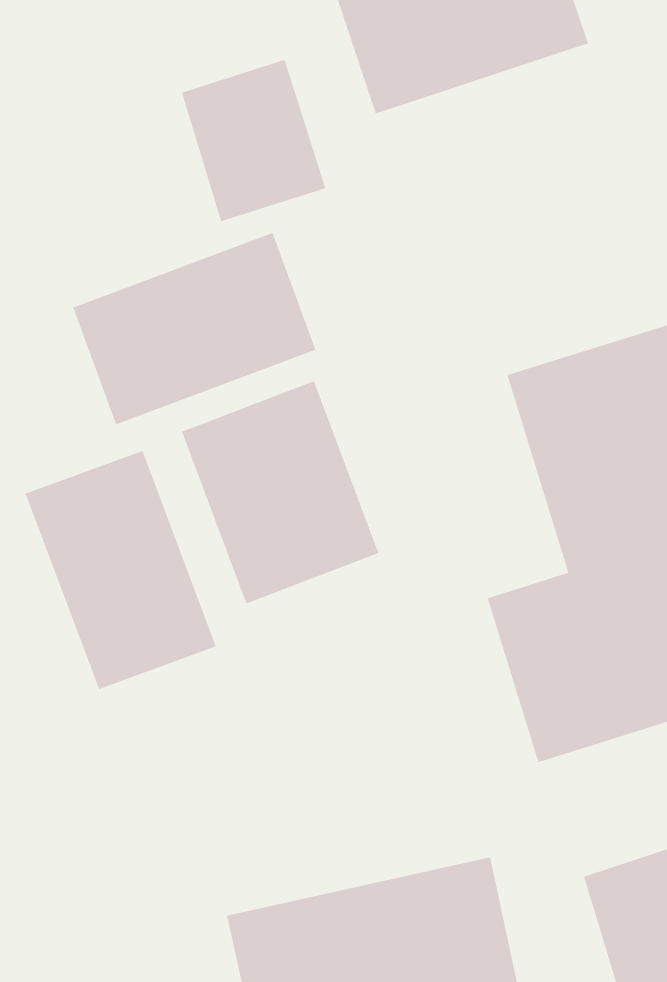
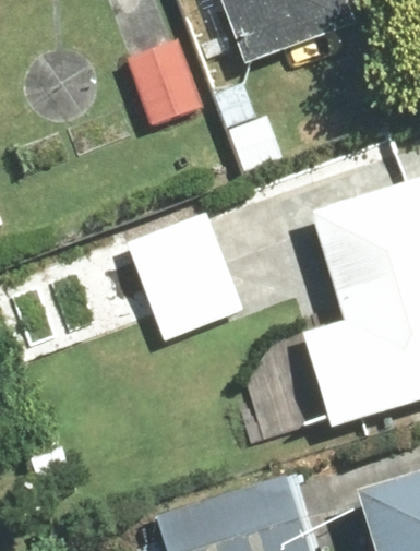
building: [73,232,316,425] -> none
building: [25,450,217,690] -> none

